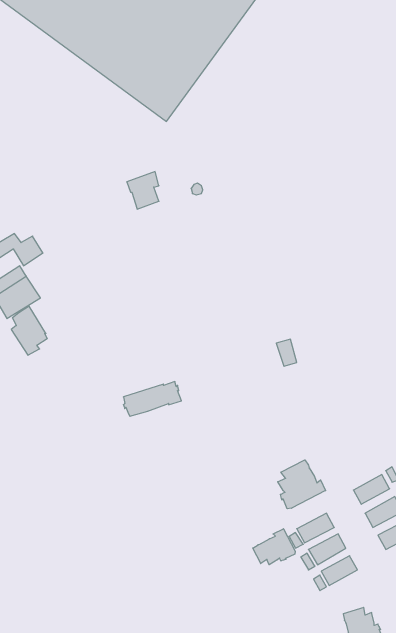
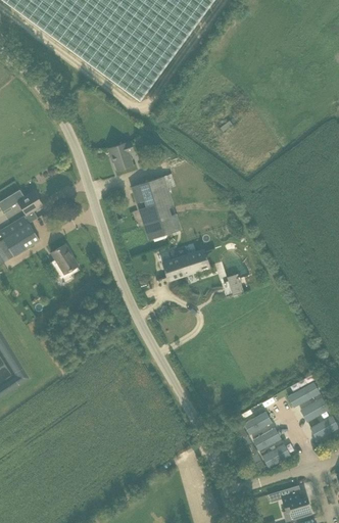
building: none -> [132,177,181,240]
building: [11,306,47,355] -> [50,244,79,283]
building: [123,382,181,416] -> [163,251,209,279]
building: [278,460,326,509] -> none
building: [253,529,295,565] -> none

